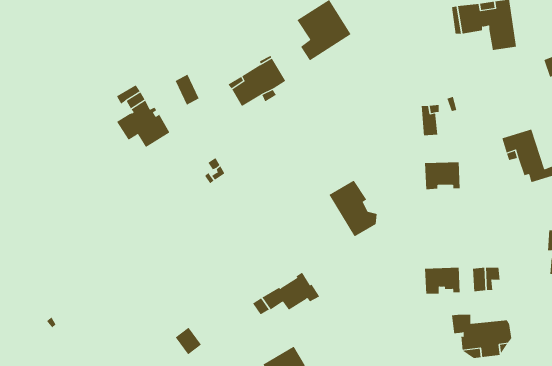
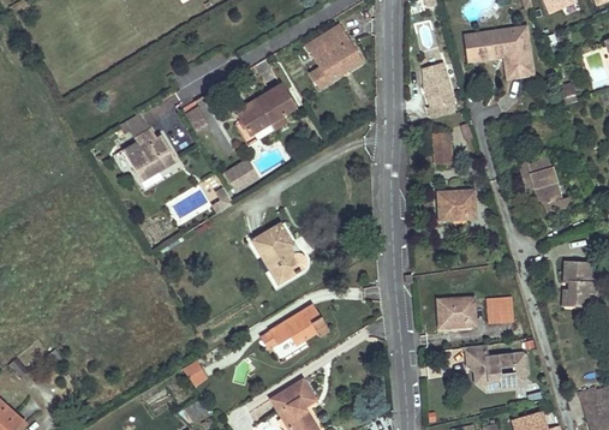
building: none -> [423,62,454,118]
building: none -> [223,160,258,193]
building: [328,180,378,237] -> [252,222,303,281]

